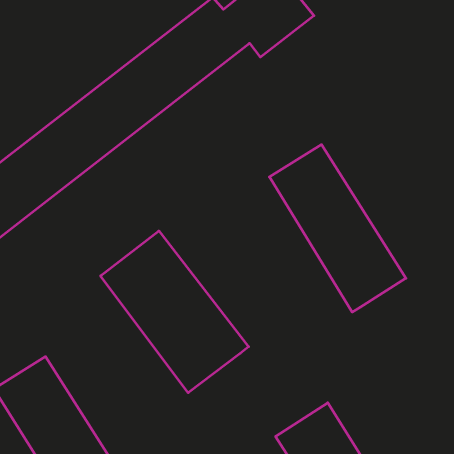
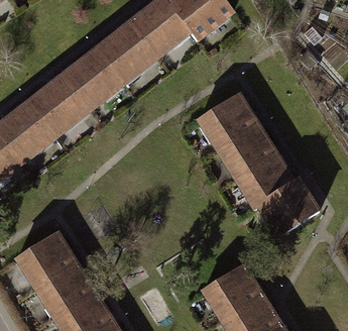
building: [101,231,249,393] -> none
building: none -> [259,181,314,234]

